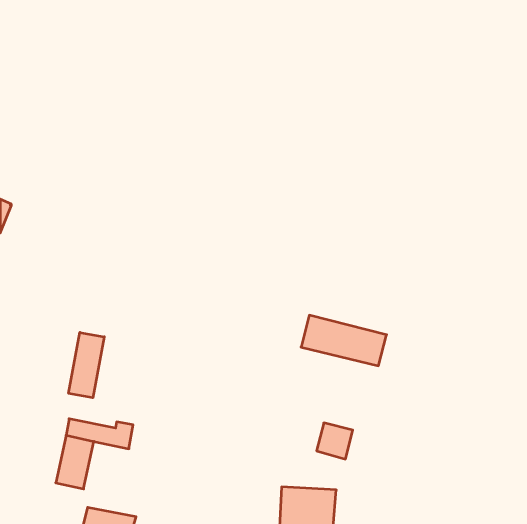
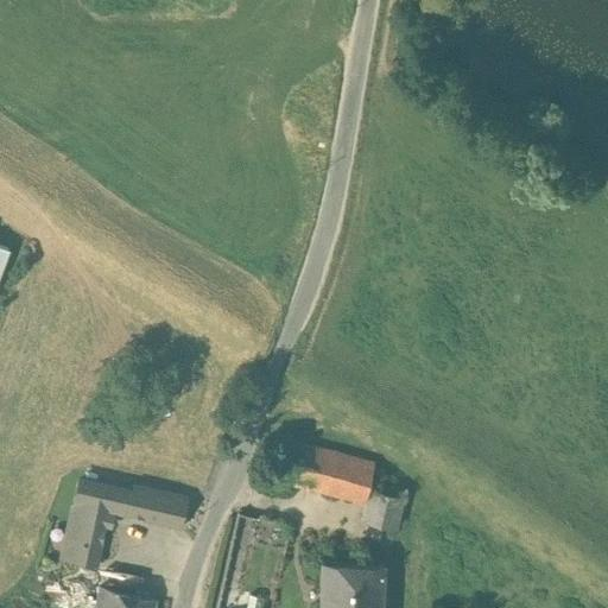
building: [301,315,387,366] -> [277,444,375,502]
building: [69,332,104,398] -> none
building: none -> [148,493,188,526]

